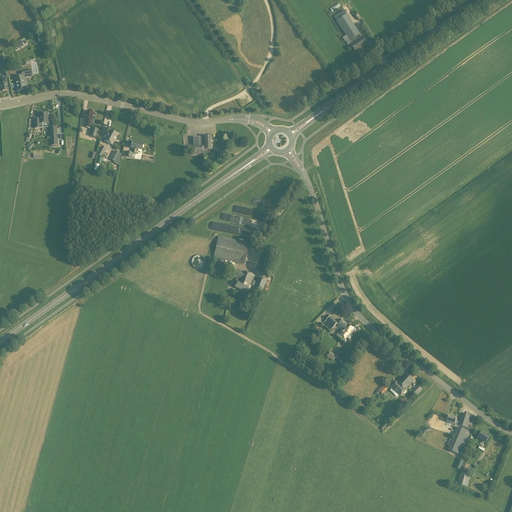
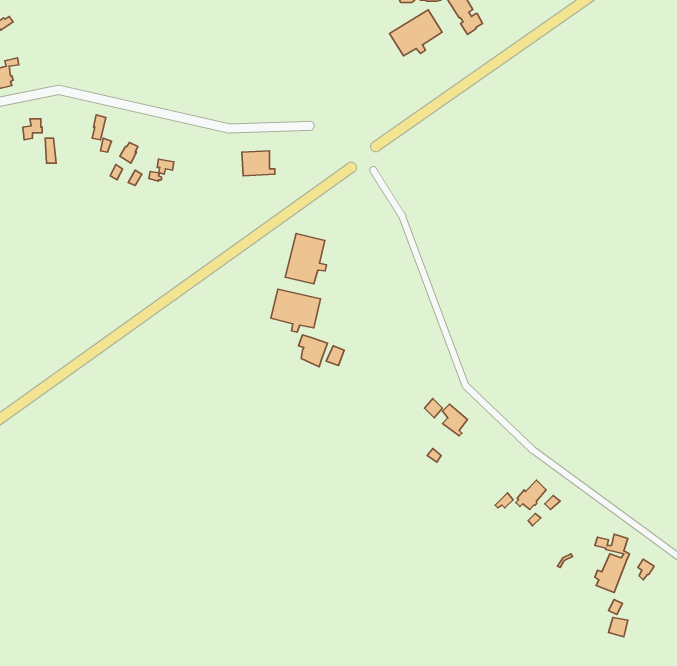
building: none -> [390,10,442,56]
building: none -> [285,234,326,284]

